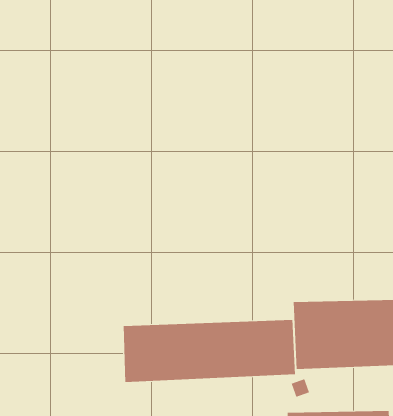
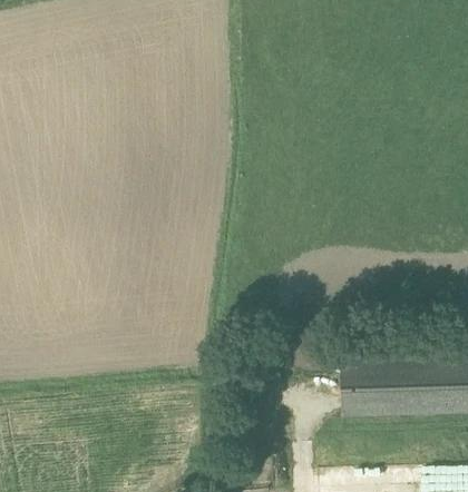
building: [123,319,296,383] -> none

